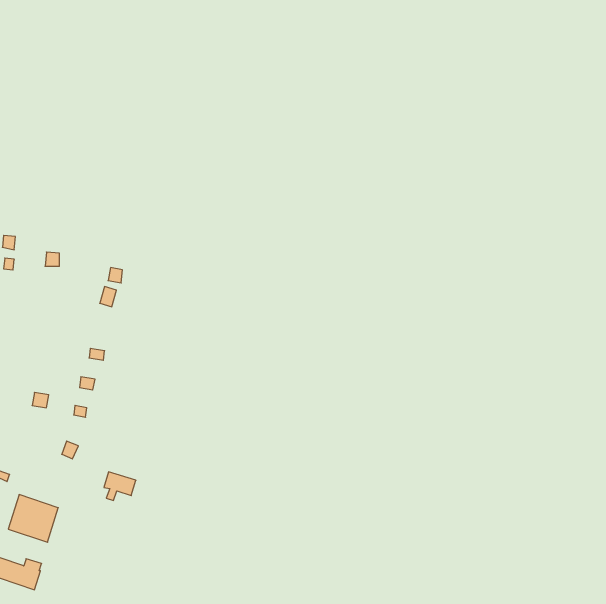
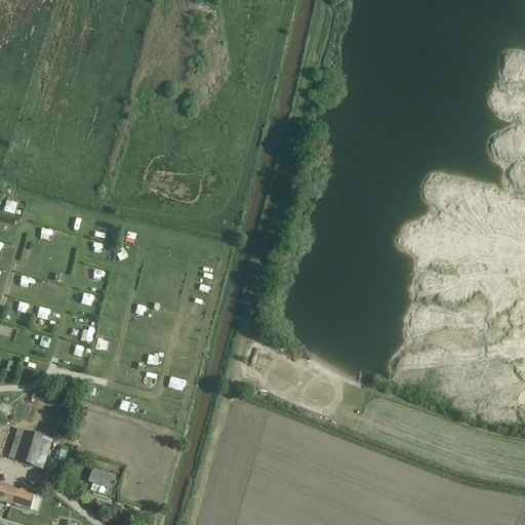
building: [104,472,136,500] -> [87,468,115,492]

